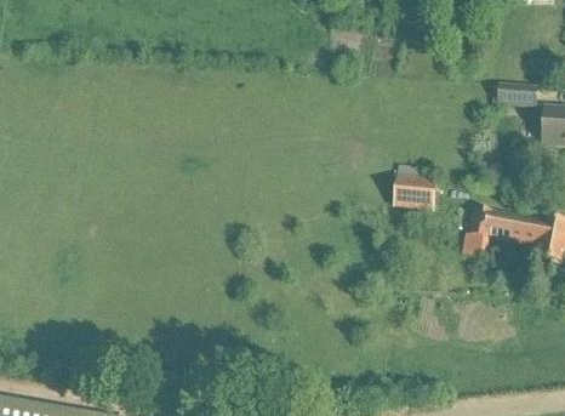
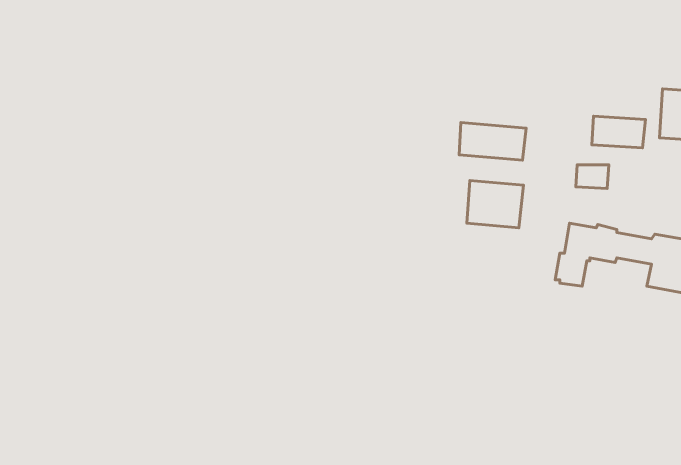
building: [497,81,538,106] -> [592,116,646,148]
building: none -> [459,123,526,160]

